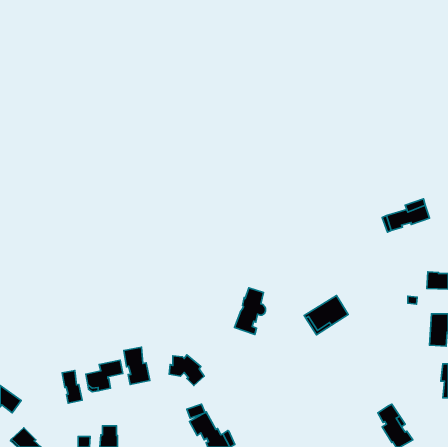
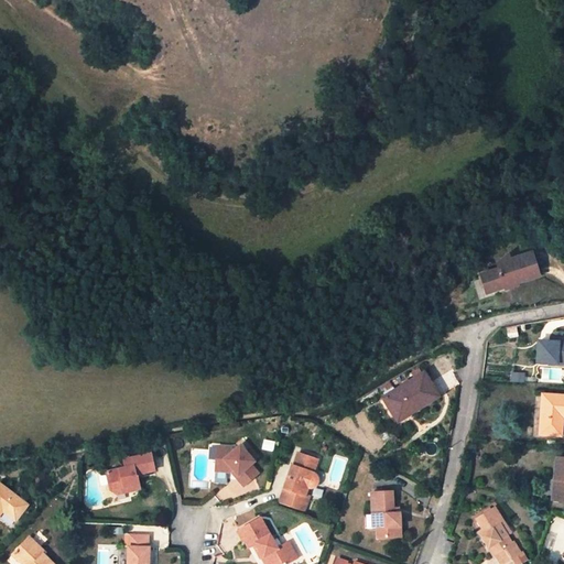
building: [235,288,265,334] -> [278,453,316,511]
building: [124,347,150,385] -> none
building: [62,370,82,403] -> none
building: none -> [371,490,402,536]

